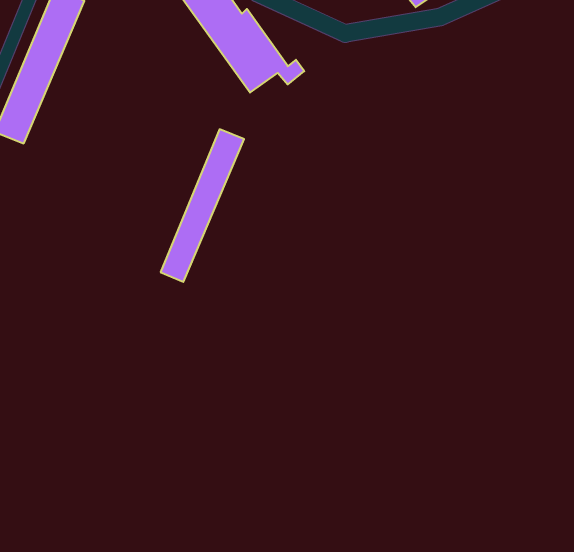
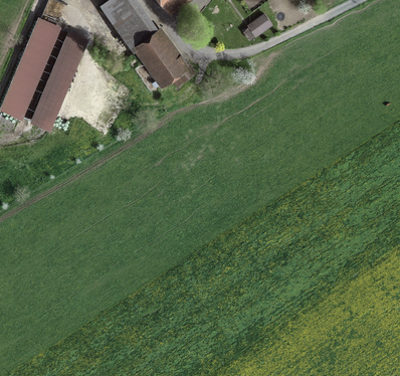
building: [161,129,244,282] -> [35,35,86,129]

